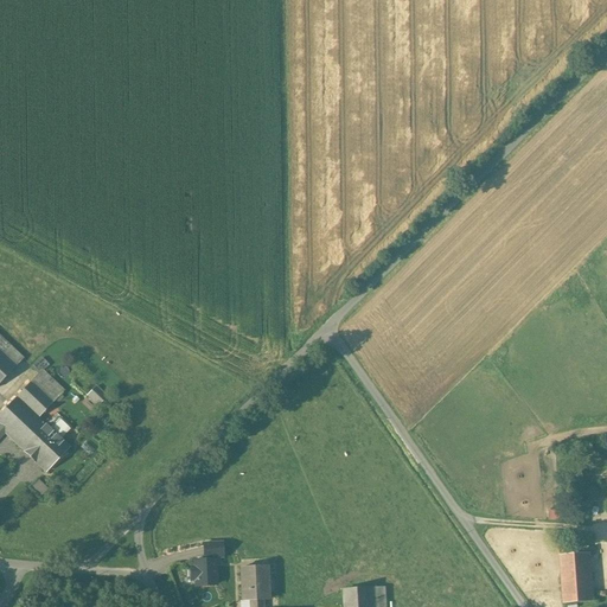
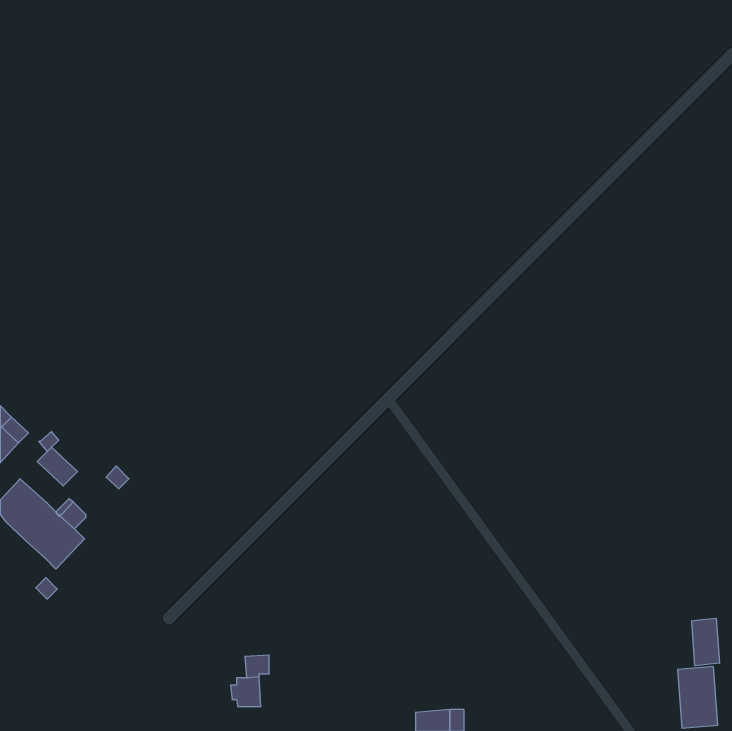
building: [17,382,52,416] -> none
building: none -> [692,618,720,666]
building: [242,566,268,600] -> none

